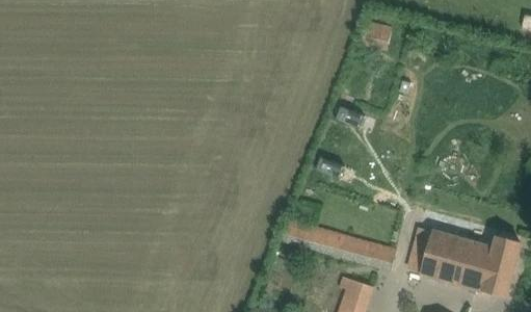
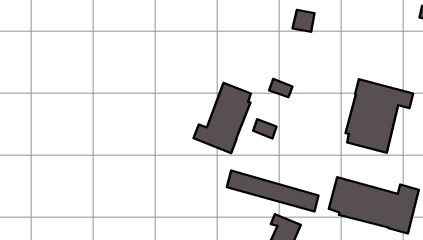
building: none -> [346,79,413,153]
building: none -> [194,83,251,153]

